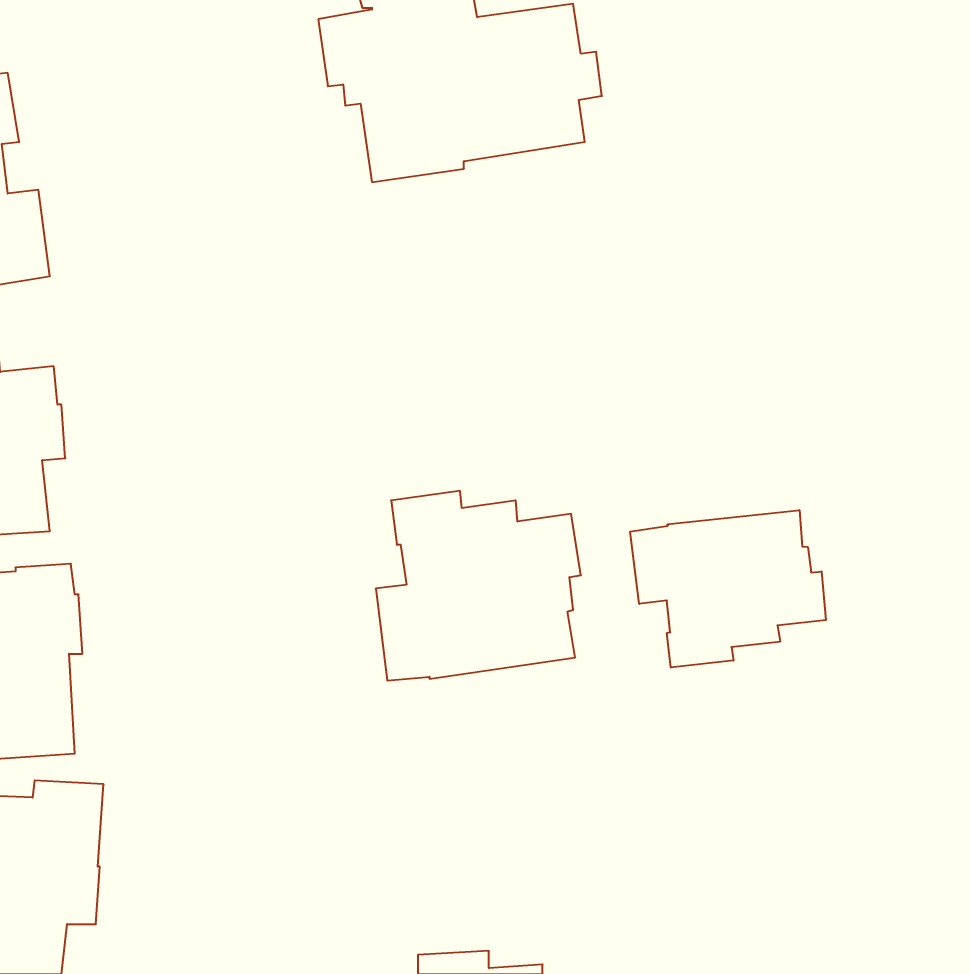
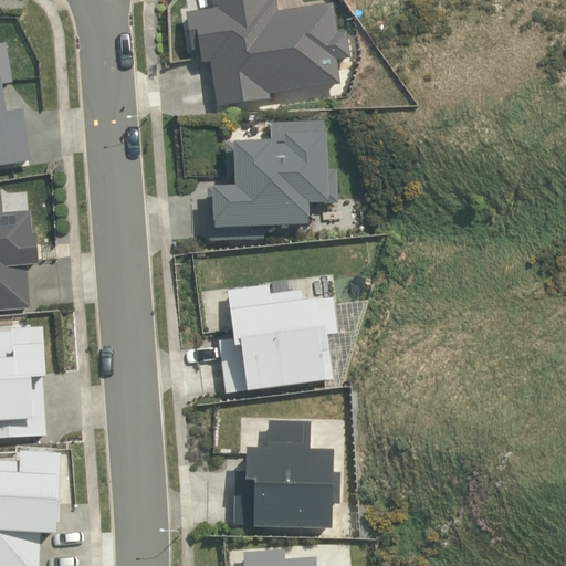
building: none -> [205,119,336,240]
building: [630,510,826,668] -> none
building: none -> [231,420,337,527]

